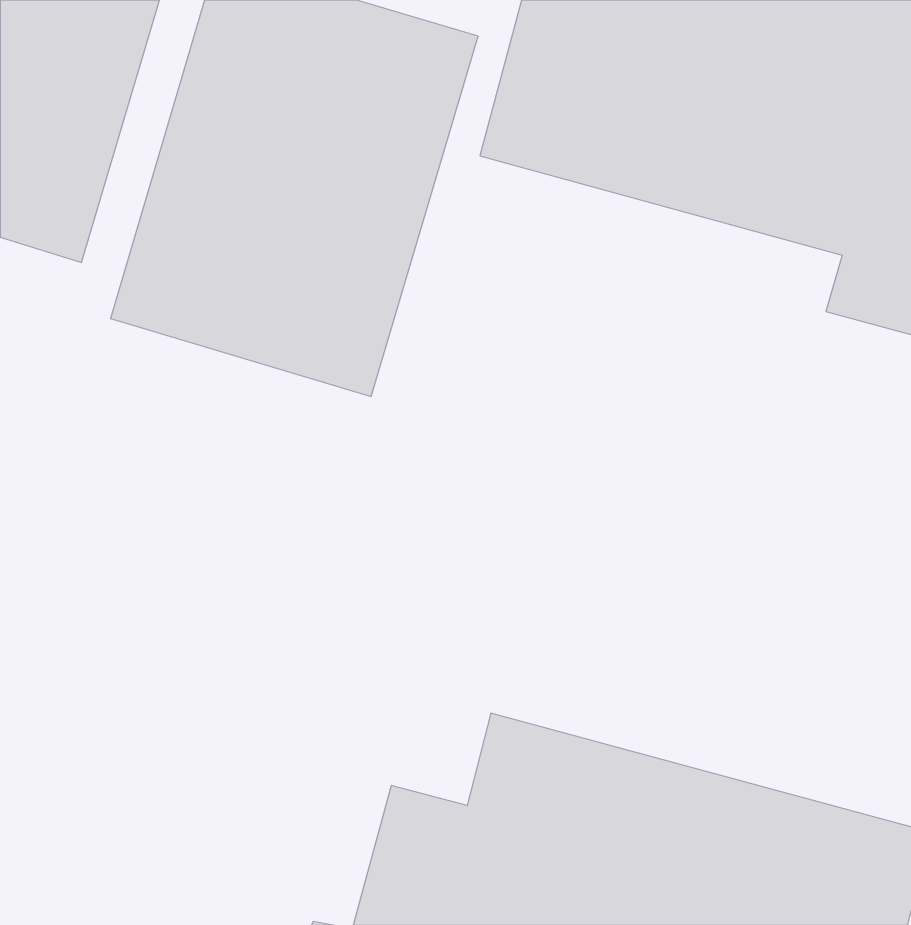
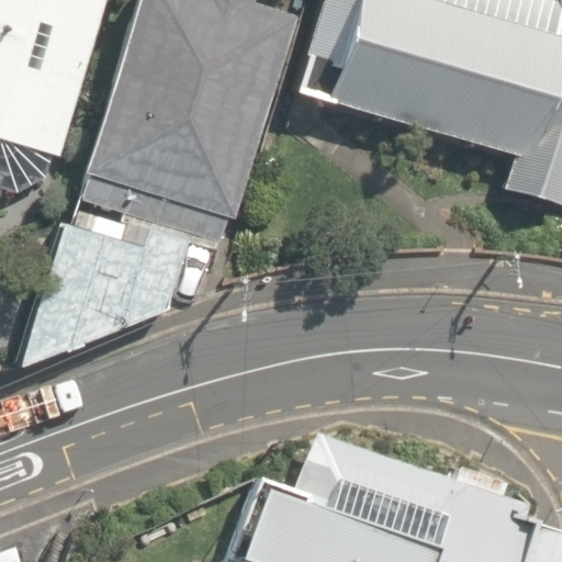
building: none -> [15,221,190,370]

